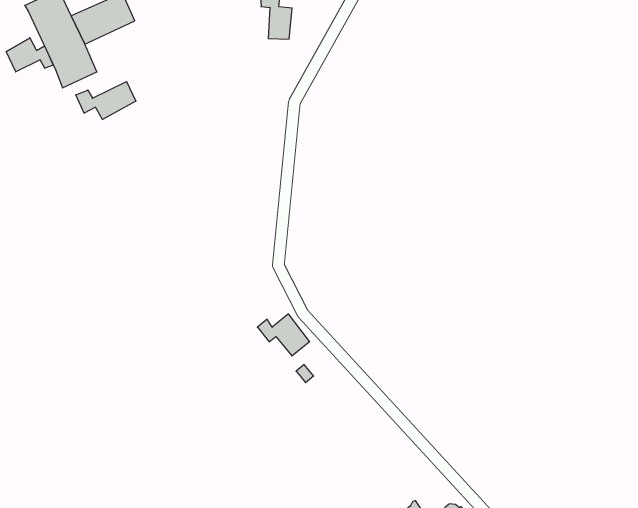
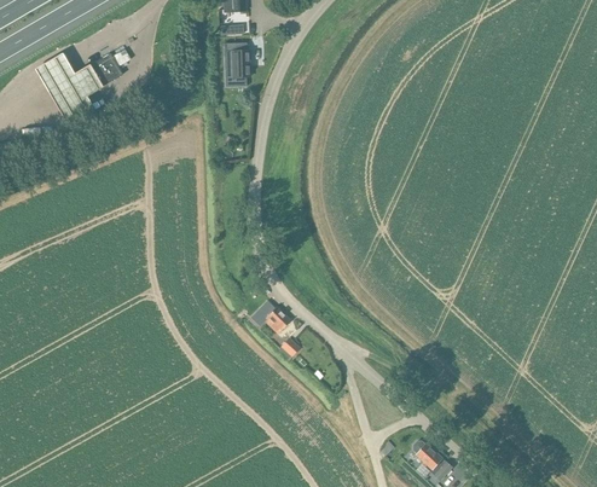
building: [6,38,53,72] -> none
building: [76,82,136,119] -> none

